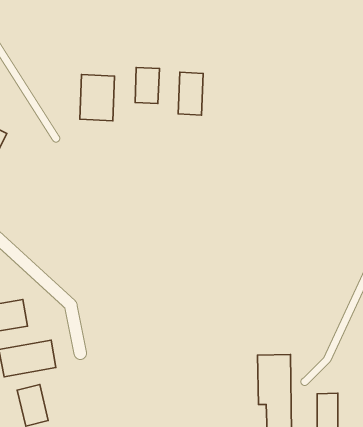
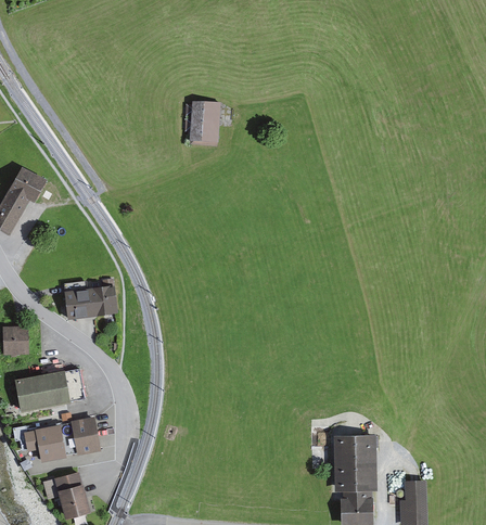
building: [178,72,203,115] -> none
building: [80,74,114,121] -> none
building: none -> [64,286,115,319]

